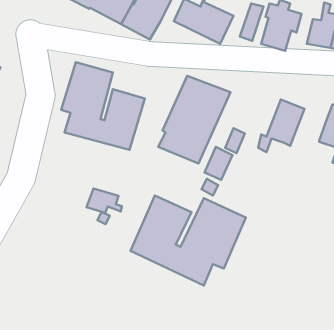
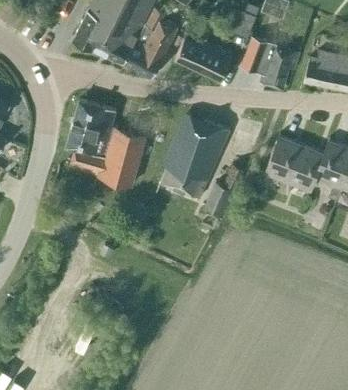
building: none -> [279,144,324,194]
building: [86,188,122,213] -> none
building: [131,196,246,285] -> none

